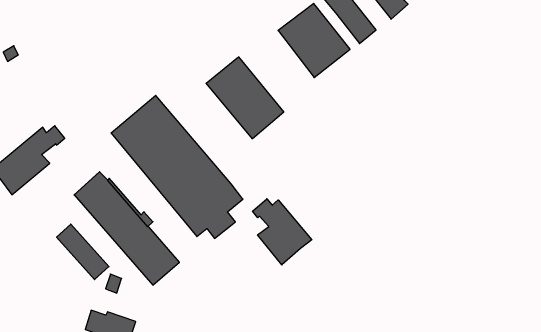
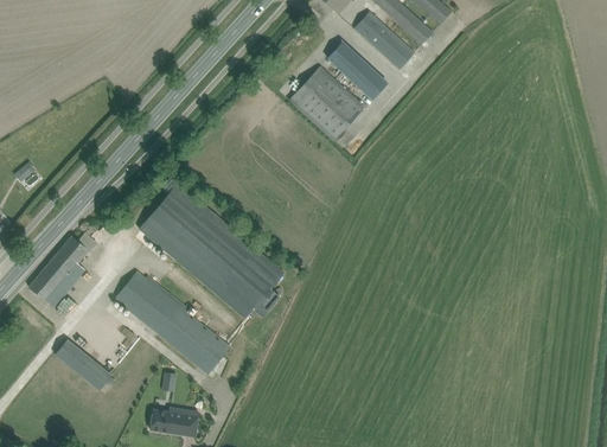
building: [206,57,284,139] -> none
building: [253,199,312,265] -> none
building: [57,224,109,280] -> [55,338,111,389]

